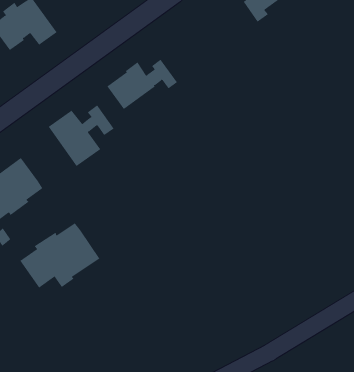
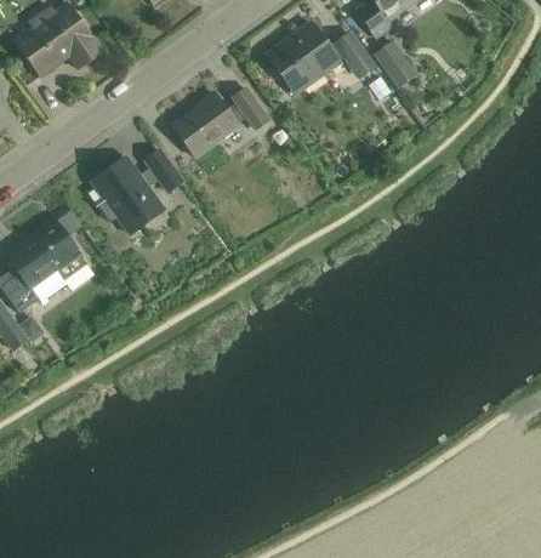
building: none -> [266,22,374,93]
building: none -> [374,40,410,85]
building: [20,222,100,288] -> none

